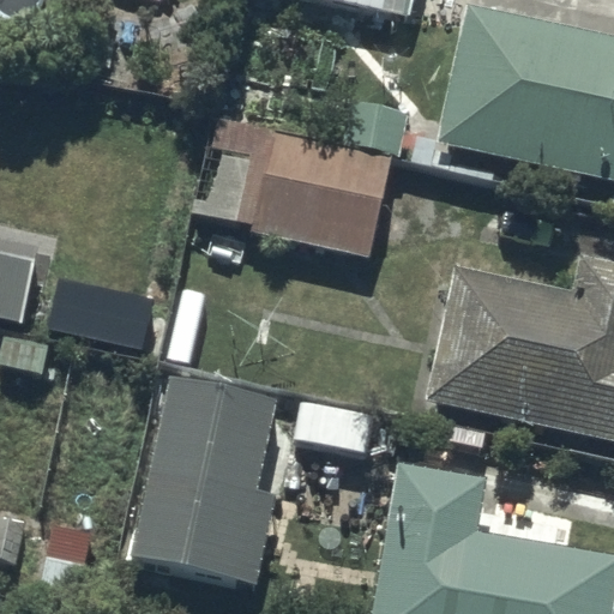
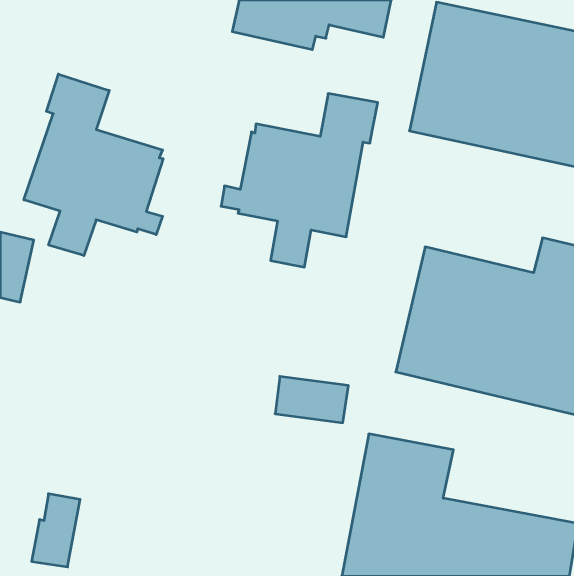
building: none -> [24,74,163,256]
building: [130,373,277,582] -> none

